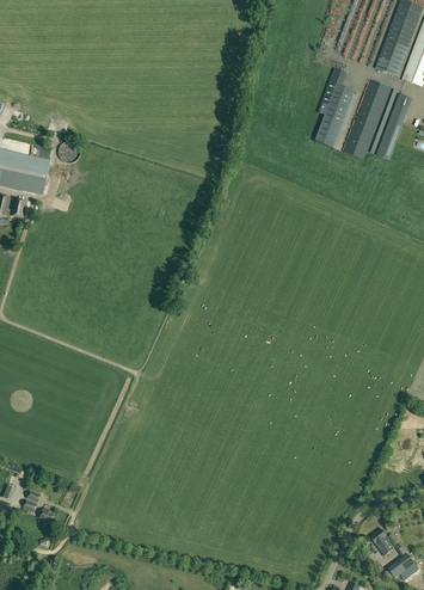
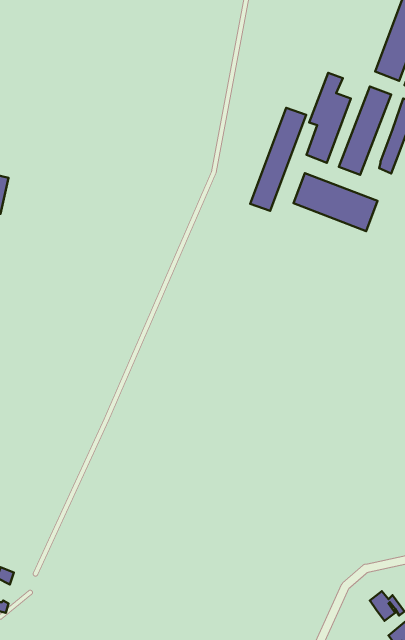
building: none -> [250,108,306,211]
building: none -> [294,173,377,231]

